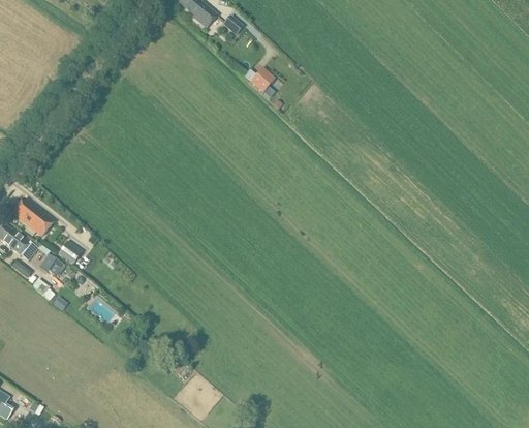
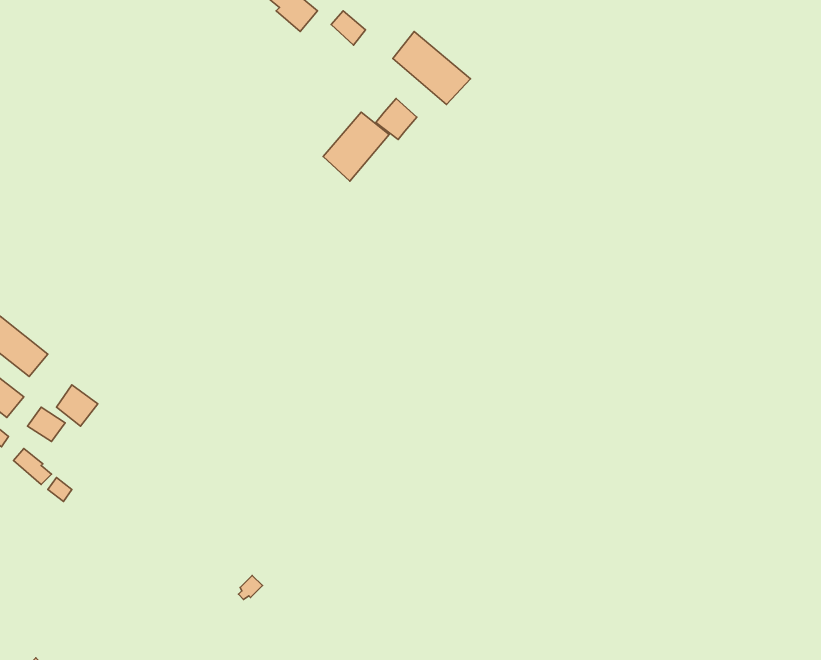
building: none -> [393,31,470,104]
building: none -> [323,112,389,181]

